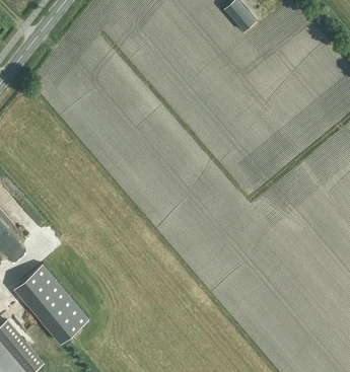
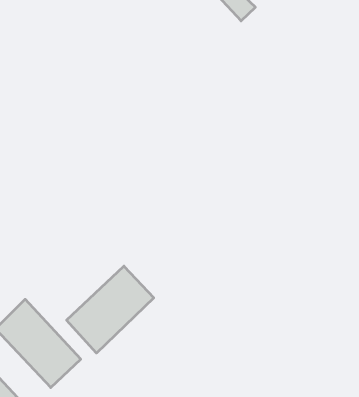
building: none -> [67,266,154,353]

